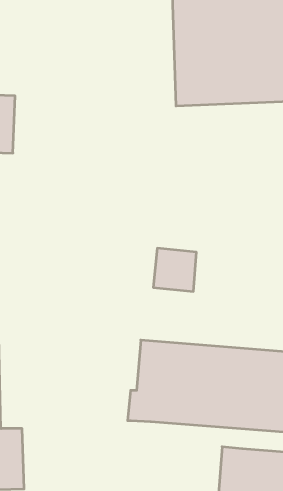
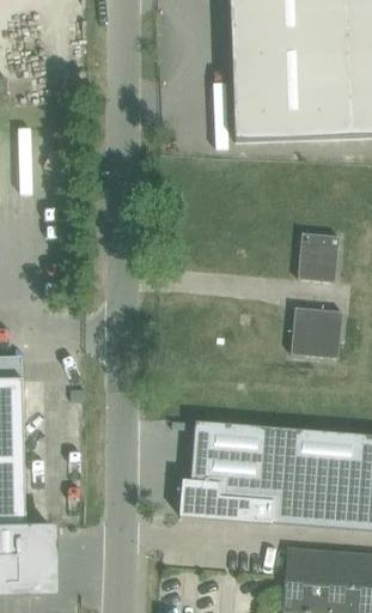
building: none -> [299,231,340,280]
building: [153,248,196,291] -> [292,305,343,357]

